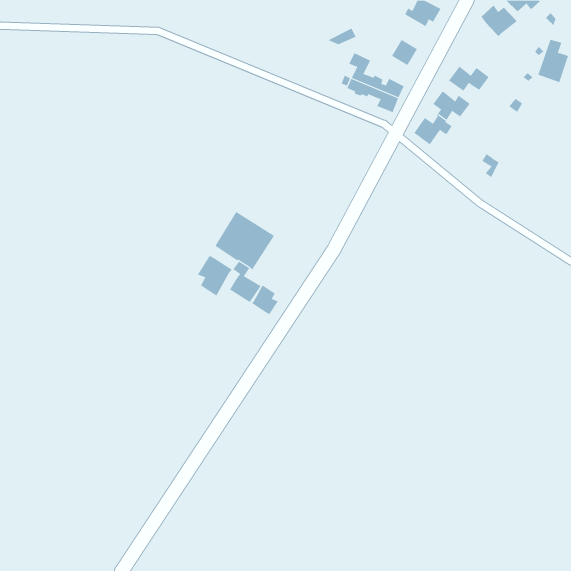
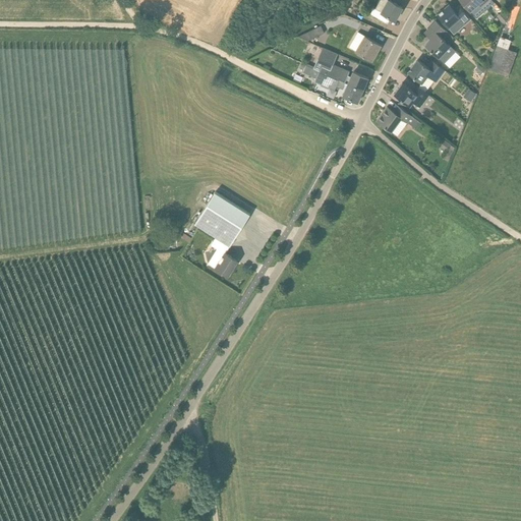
building: none -> [425,21,456,63]
building: [197,255,232,296] -> none
building: [251,284,278,315] -> none

